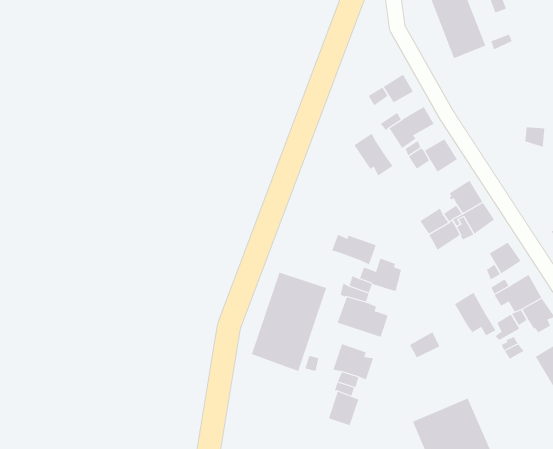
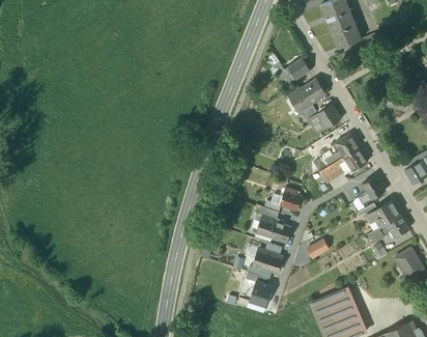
building: [353,133,393,177] -> none
building: [332,234,377,265] -> none
building: [251,272,327,372] -> none
building: [454,292,496,336] -> none

